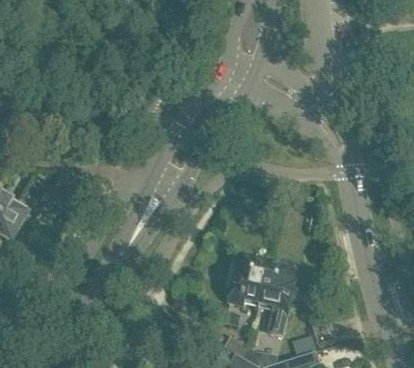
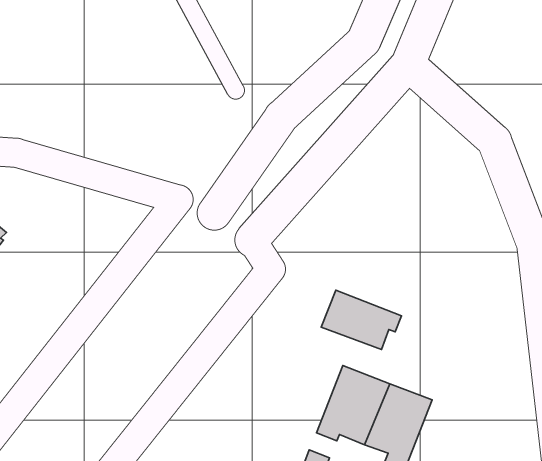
building: none -> [321,290,402,350]

